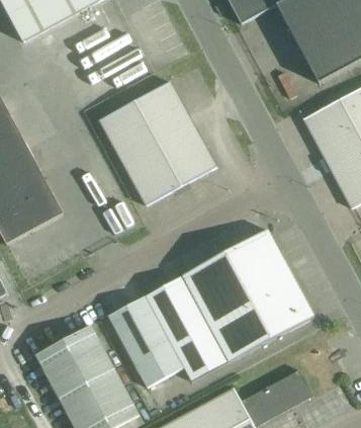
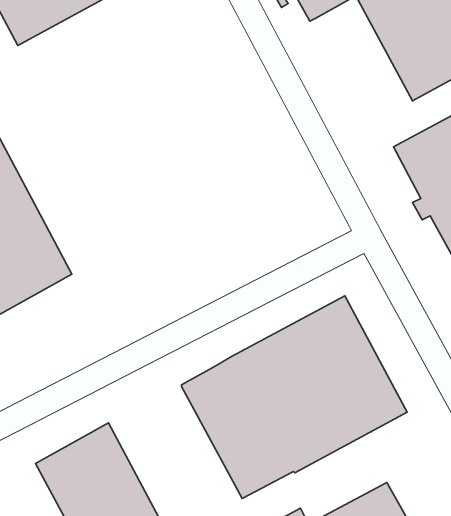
building: [100,82,217,205] -> none
building: [109,296,184,388] -> none

